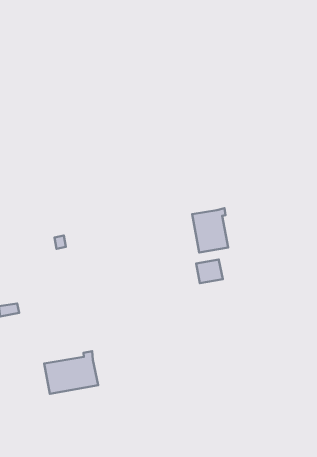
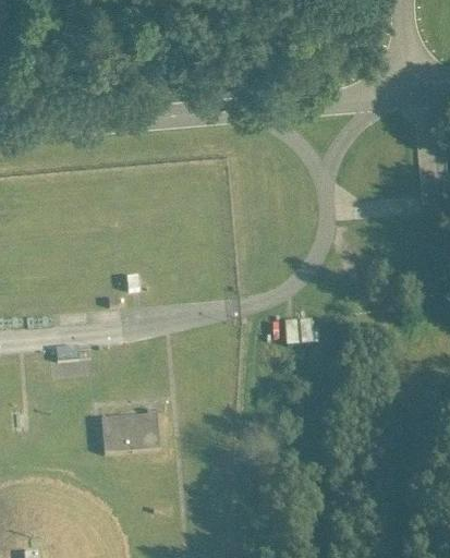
building: [192,208,228,252] -> none

